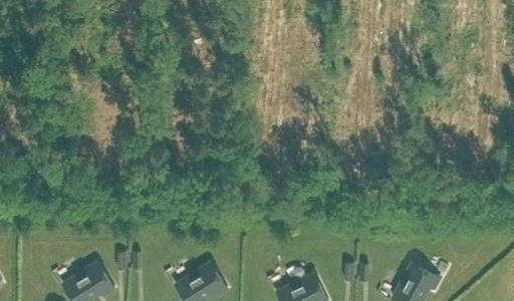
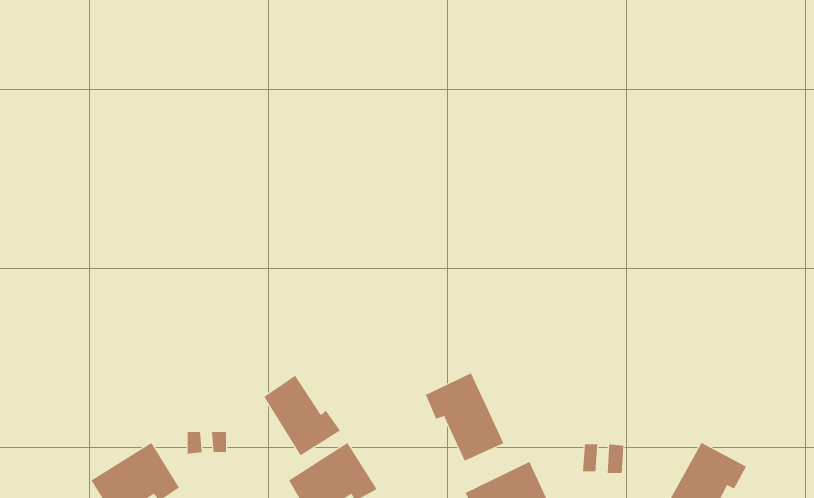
building: none -> [425,372,504,462]
building: none -> [264,375,341,456]

